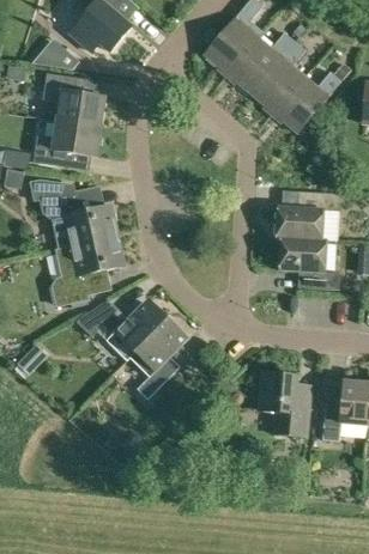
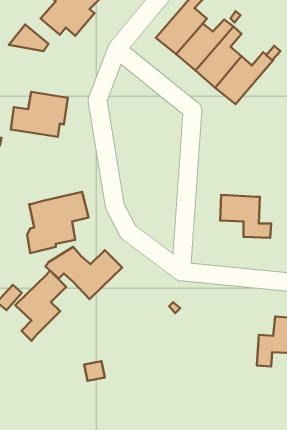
building: [42,73,104,124] -> none
building: [29,179,117,249] -> none
building: [277,191,339,241] -> none
building: [127,318,187,401] -> [15,270,66,341]
building: [259,372,309,436] -> none

